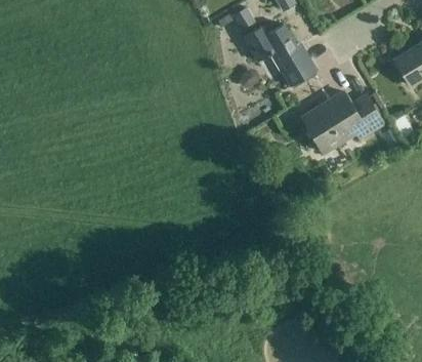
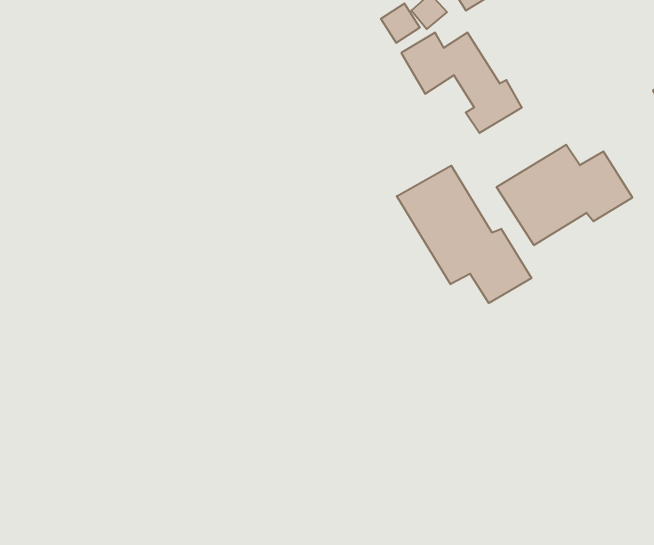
building: none -> [397,166,531,303]

